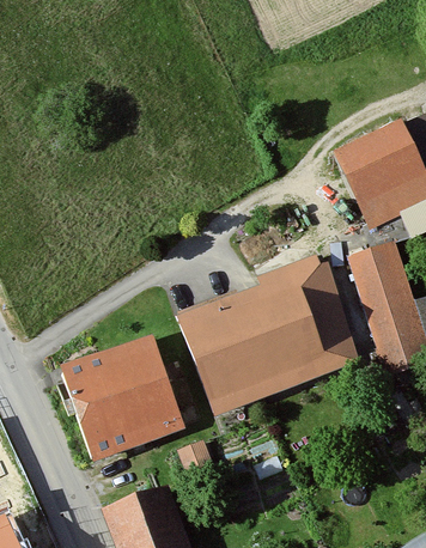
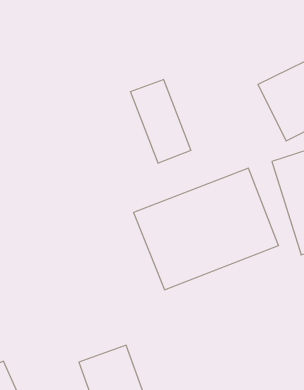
building: none -> [130,79,191,163]
building: [57,331,185,461] -> none

